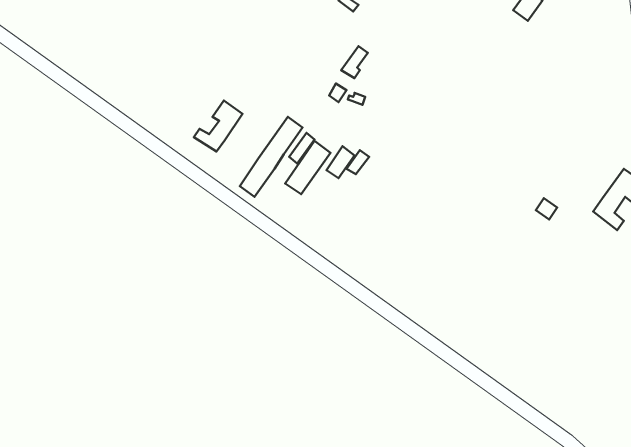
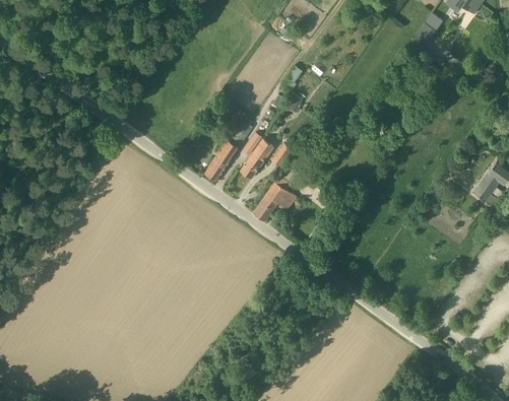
building: [194,101,243,152] -> none
building: none -> [253,176,296,221]

